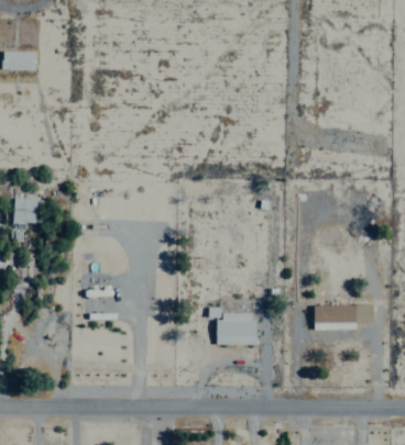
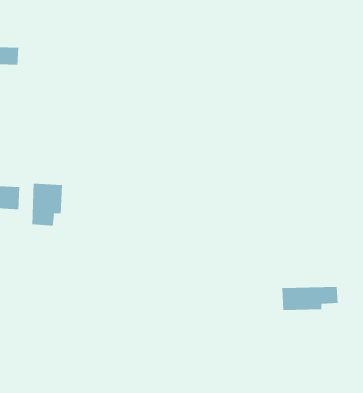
building: none -> [32,183,63,226]
building: [218,313,256,345] -> none

